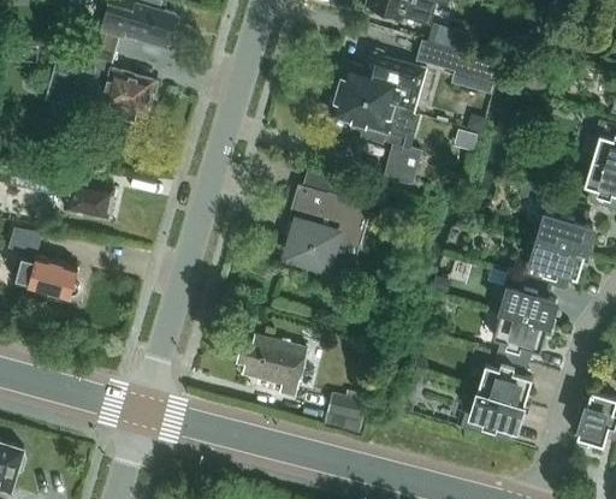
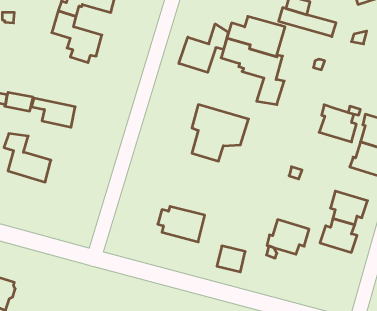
building: none -> [179,24,228,72]
building: [499,273,555,328] -> [319,105,356,142]
building: [461,391,523,442] -> [267,220,309,254]

